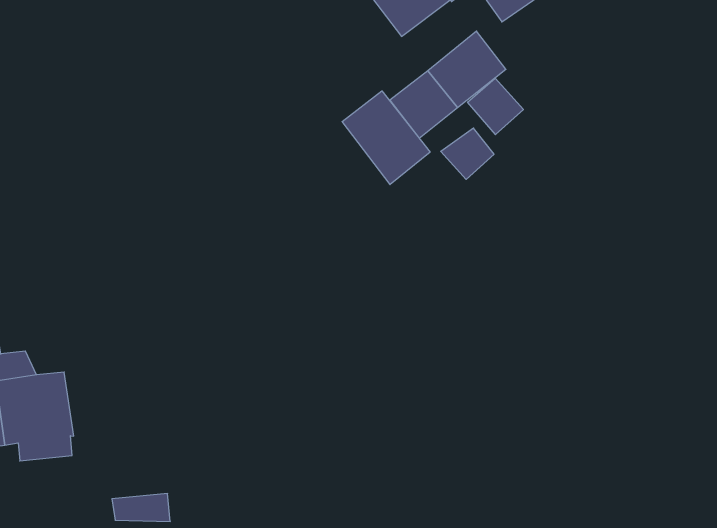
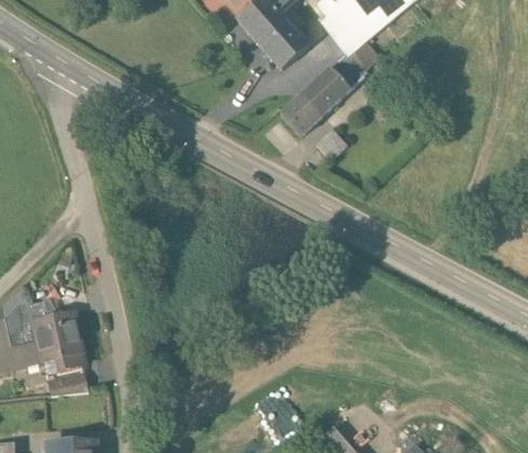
building: [468,78,523,135] -> none
building: [342,91,430,185] -> none
building: [112,494,170,521] -> [47,374,87,394]

